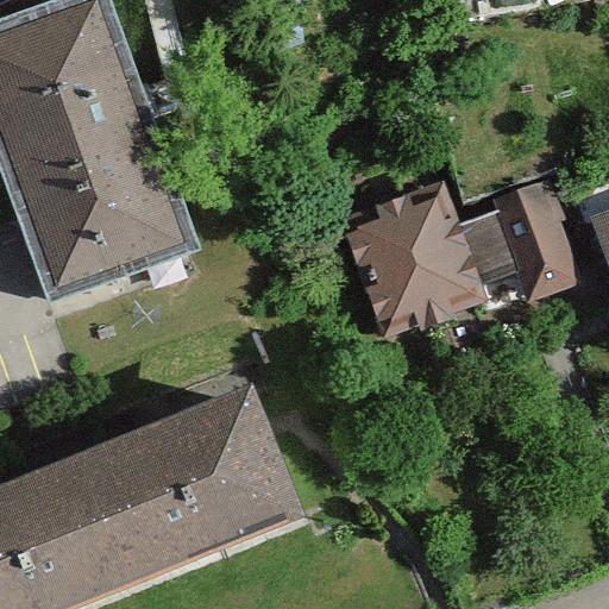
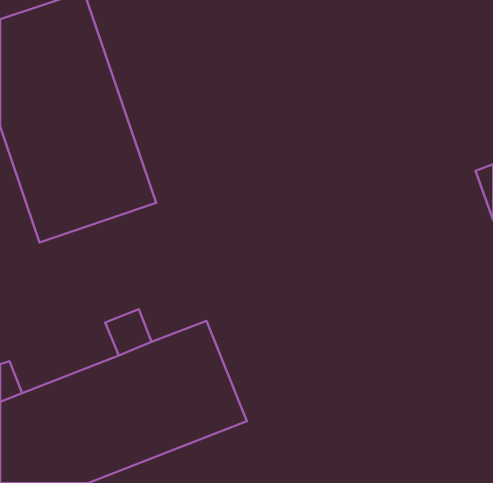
building: [328,177,575,340] -> none

